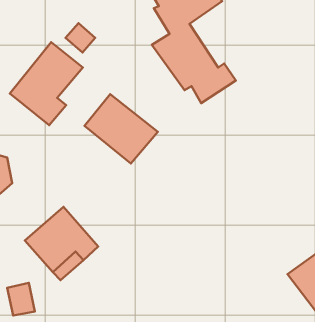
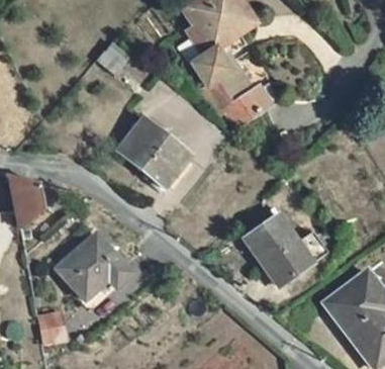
building: [10,42,83,125] -> none
building: none -> [244,212,328,286]

